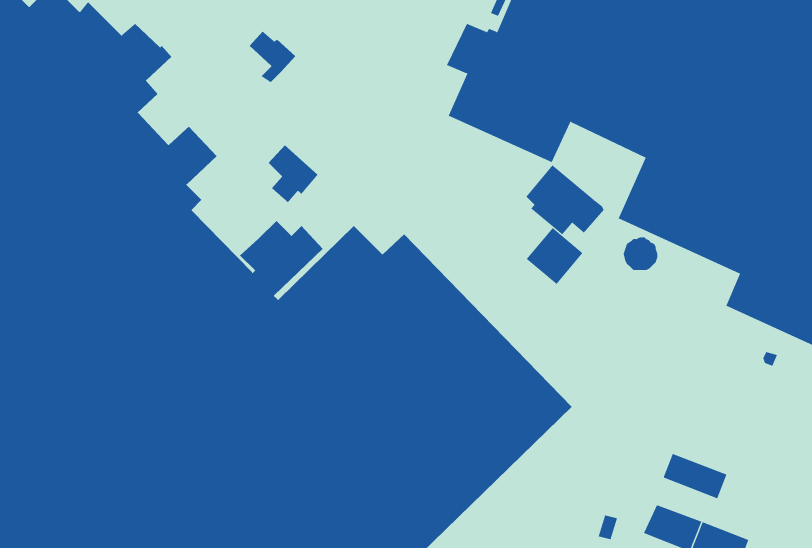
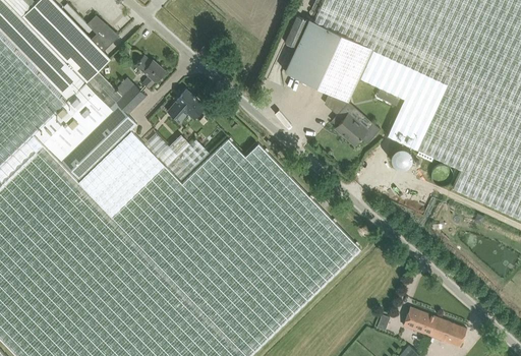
building: [249,31,296,83] -> [135,56,164,87]
building: [526,227,583,285] -> none
building: [663,453,727,499] -> none

